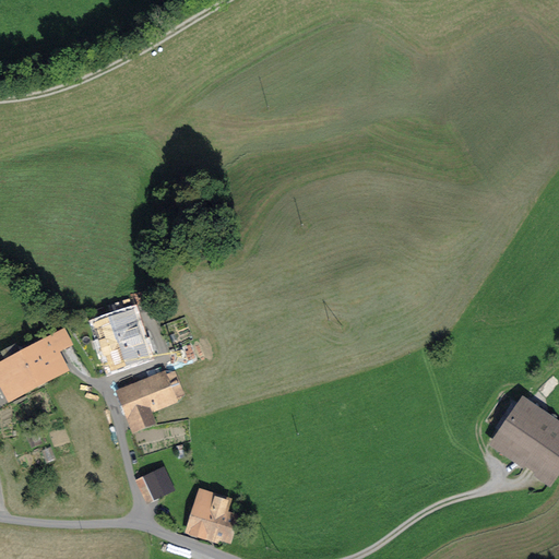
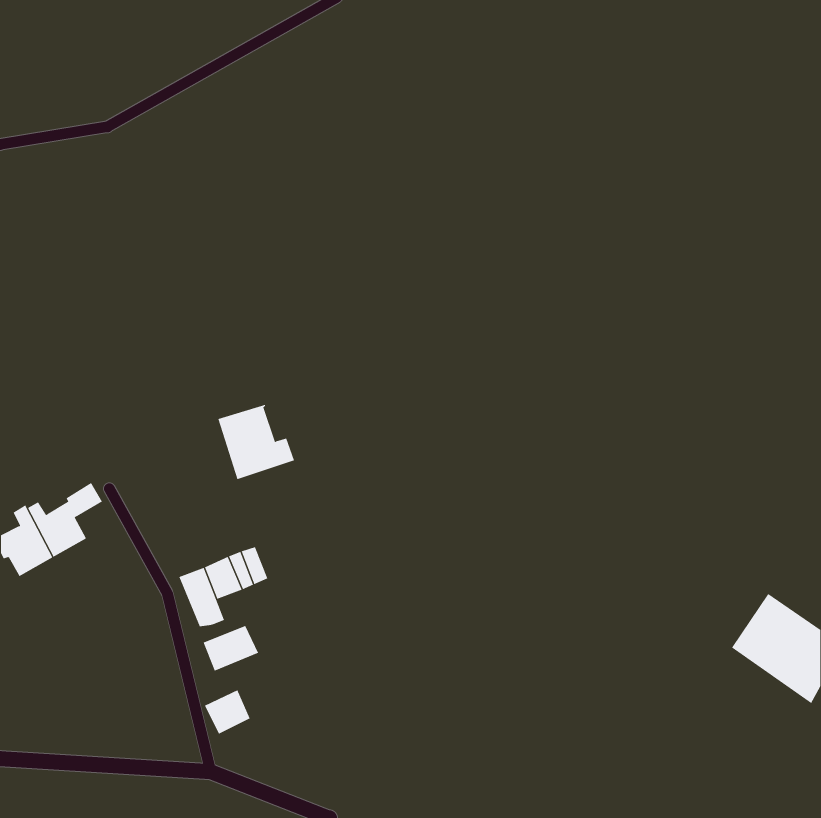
building: [102,312,154,364] -> [218,404,295,480]
building: none -> [203,625,259,672]
building: [193,496,234,537] -> none

